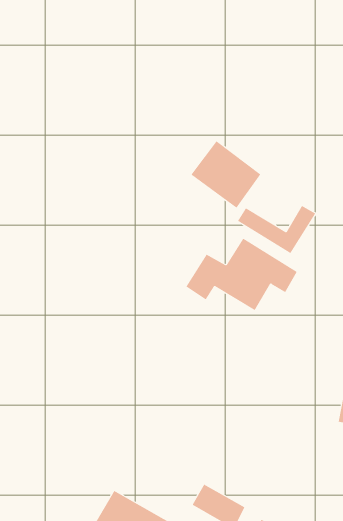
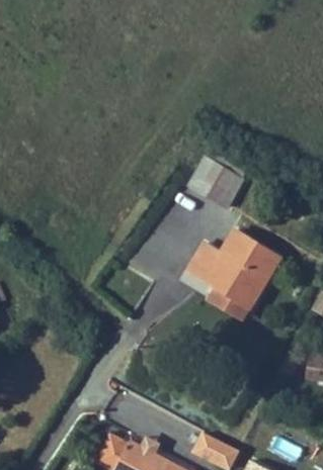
building: [237,205,316,254] -> [204,268,269,308]

